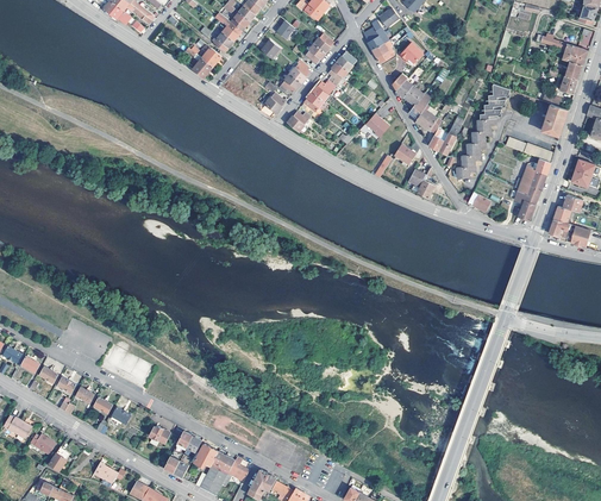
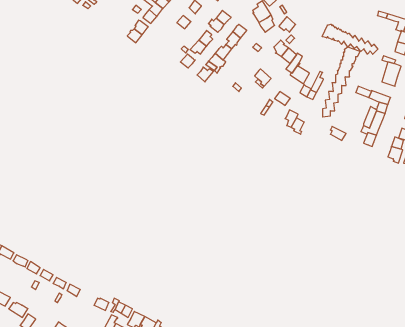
building: none -> [322,24,378,54]

